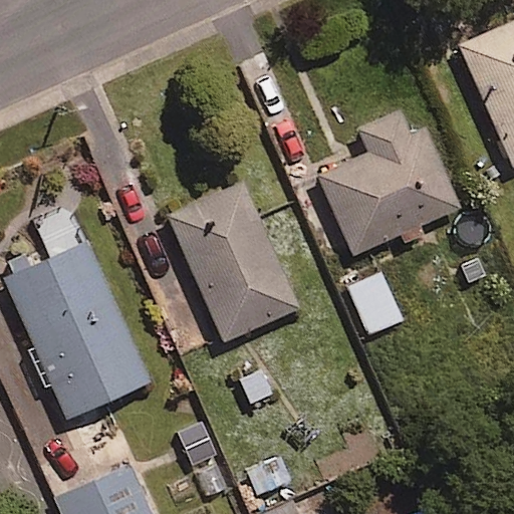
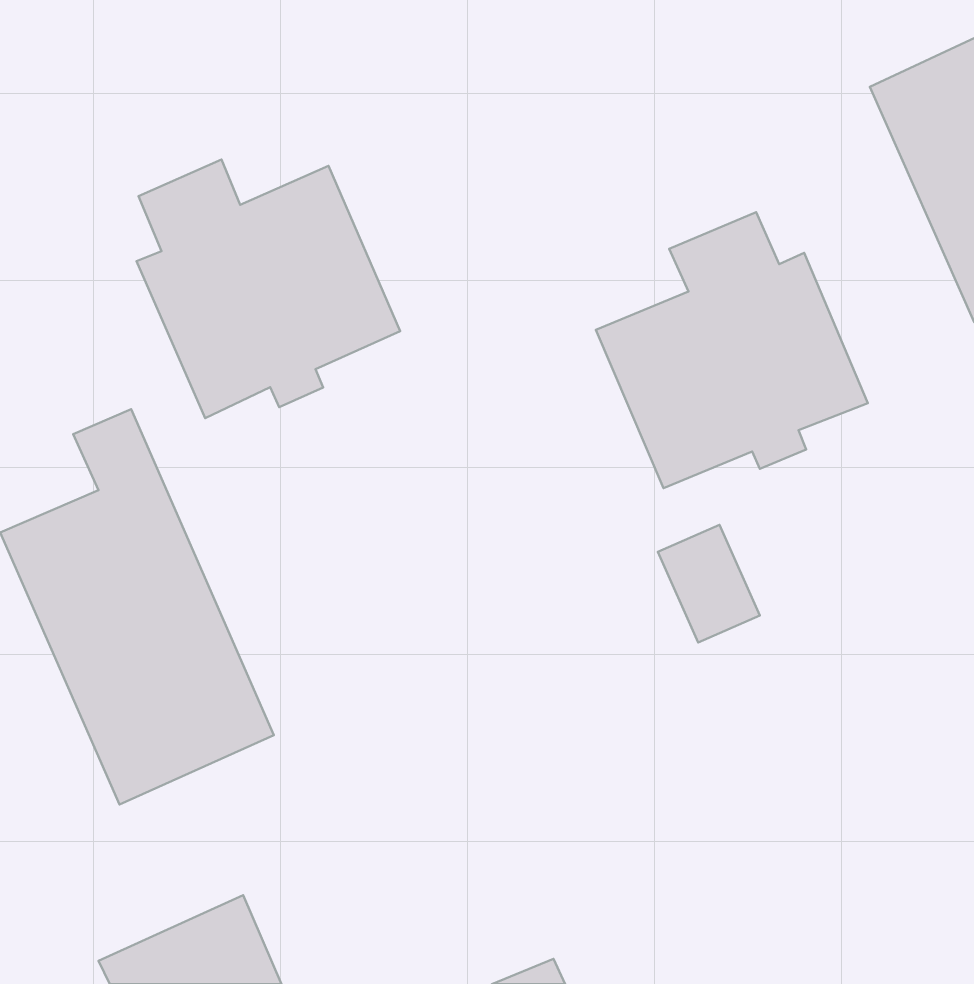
building: none -> [137,160,400,418]
building: [167,183,298,342] -> none

